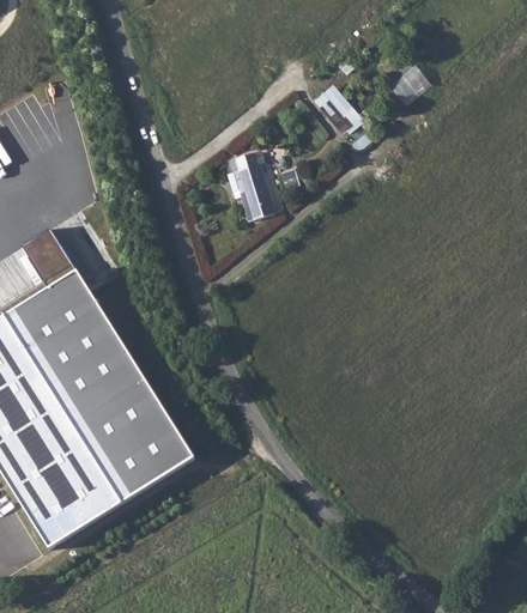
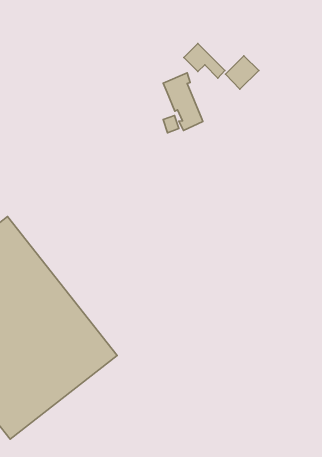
building: [390,61,432,102] -> [226,56,259,89]
building: [229,148,273,219] -> [163,73,203,130]

